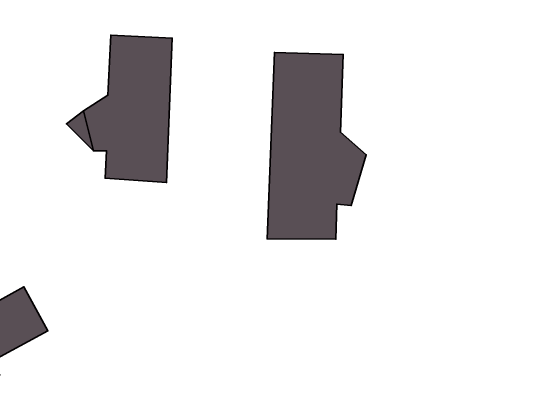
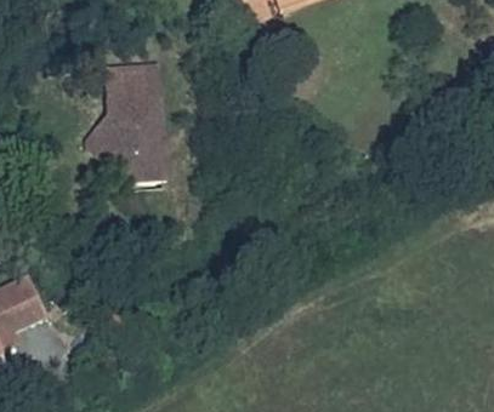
building: [267,52,366,239] -> none

